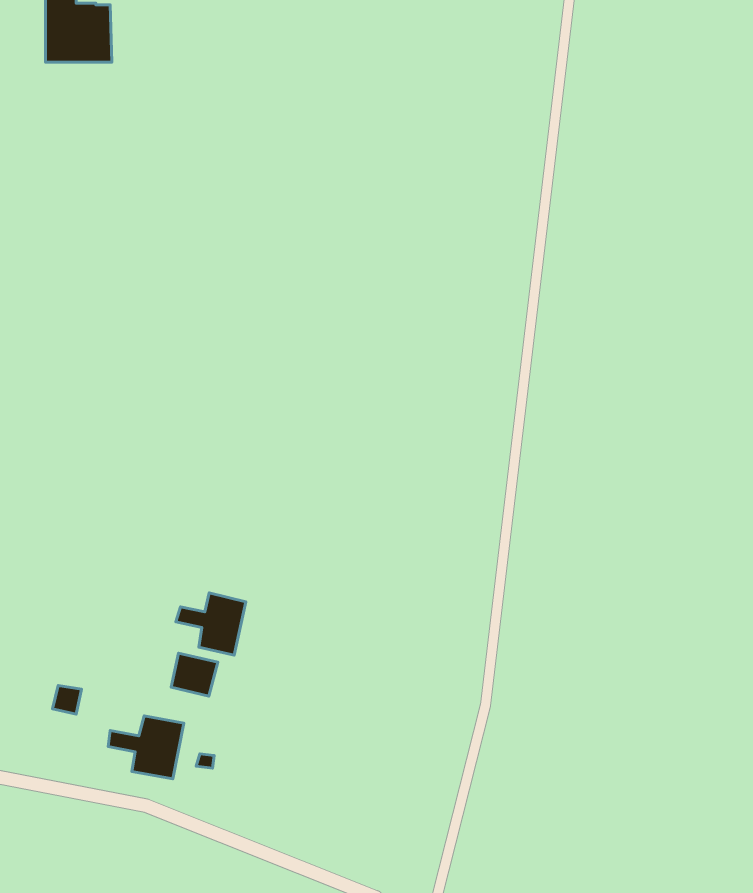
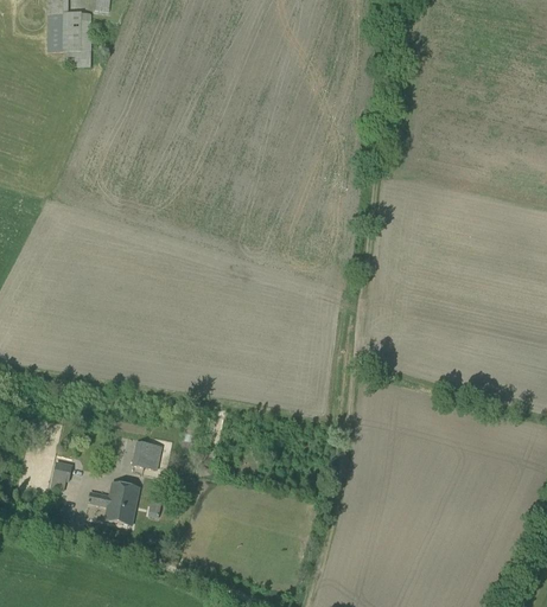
building: [176,593,246,655] -> none

